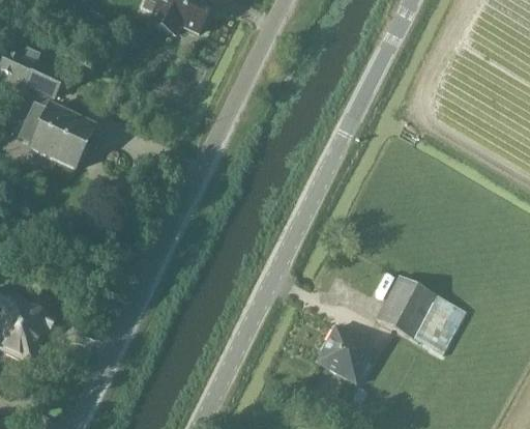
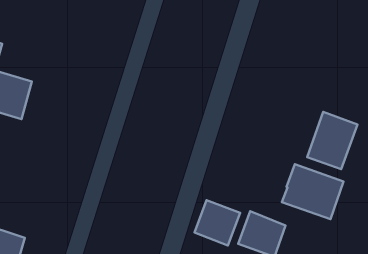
building: none -> [307,112,358,169]
building: none -> [195,200,240,245]

